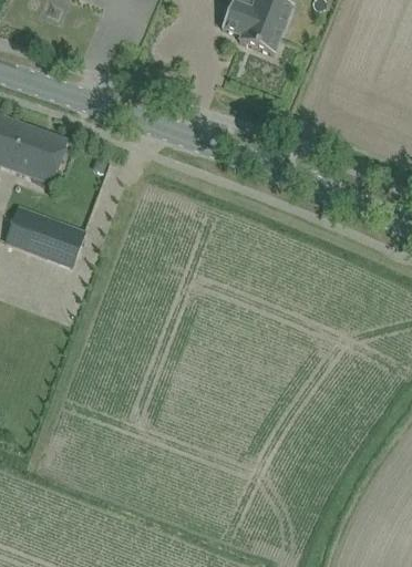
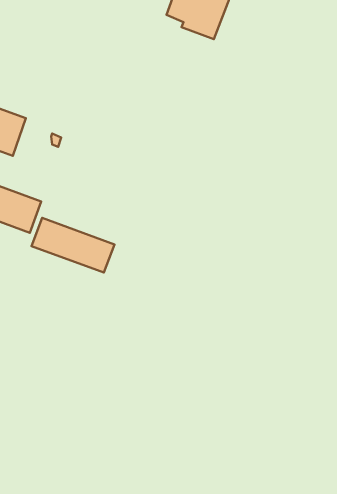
building: none -> [31,218,114,273]

